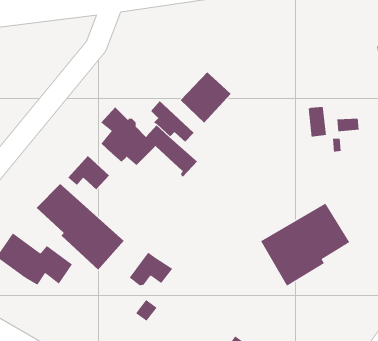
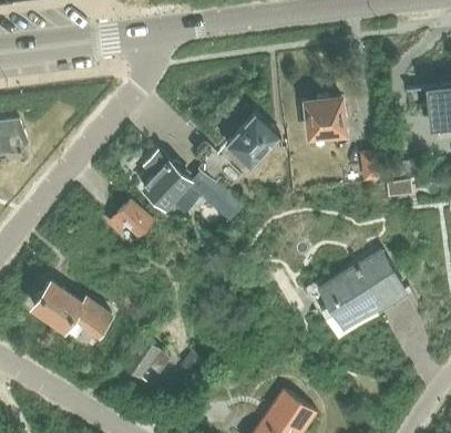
building: none -> [305,99,345,141]
building: [36,183,125,270] -> none
building: [129,252,173,286] -> [124,340,171,375]

